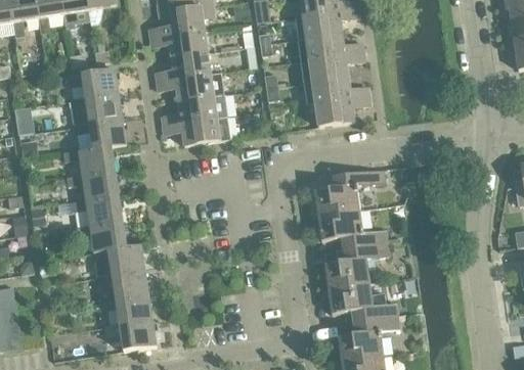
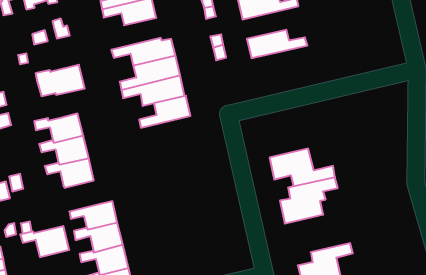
building: [152,51,209,82] -> [139,96,190,128]
building: [300,52,363,83] -> none
building: [66,70,117,100] -> none
building: [314,96,369,127] -> none
building: [73,122,125,151] -> none
building: [312,168,383,215] -> none
building: [74,223,126,255] -> [20,226,69,257]
building: [326,282,396,323] -> none

